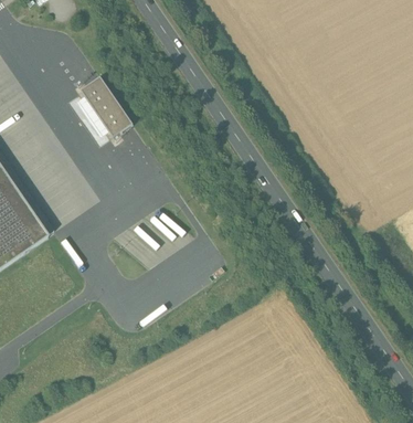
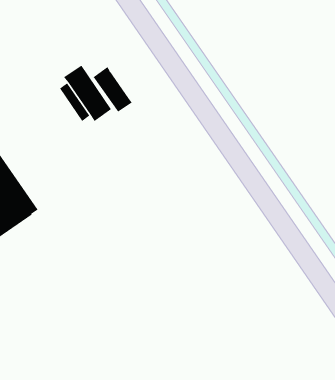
building: none -> [93,66,133,113]

